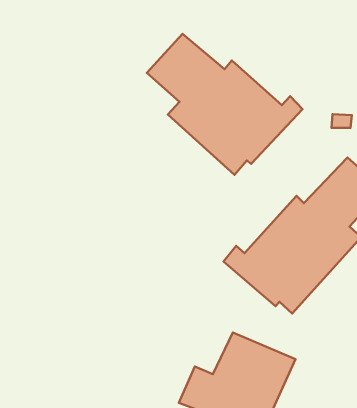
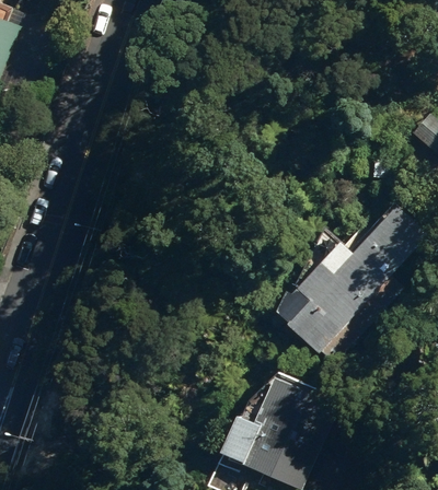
building: [147,34,302,175] -> none

